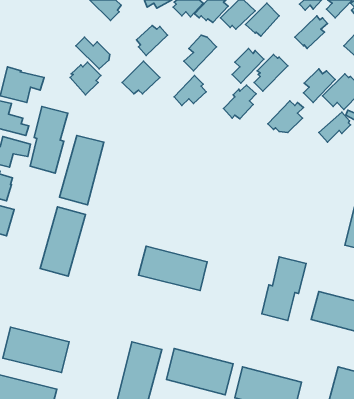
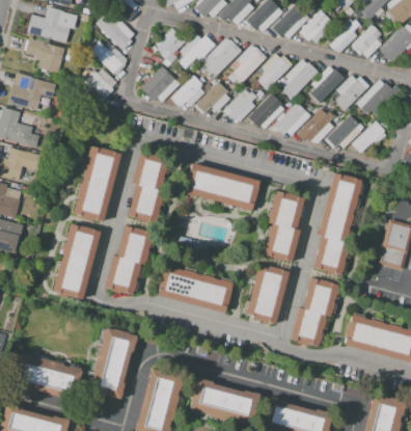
building: none -> [27,7,73,43]
building: none -> [299,10,332,44]
building: none -> [95,15,135,51]
building: none -> [350,24,383,58]
building: none -> [180,34,216,69]
building: none -> [25,38,65,74]
building: none -> [232,46,267,82]
building: none -> [309,66,345,104]
building: none -> [172,75,204,107]
building: none -> [223,88,257,123]
building: none -> [274,103,311,136]
building: none -> [325,114,364,150]
building: [30,107,68,173] -> [127,153,167,224]
building: none -> [186,164,259,212]
building: none -> [313,173,361,274]
building: none -> [264,191,304,263]
building: none -> [106,225,154,295]
building: none -> [247,264,289,324]
building: none -> [90,327,138,398]

